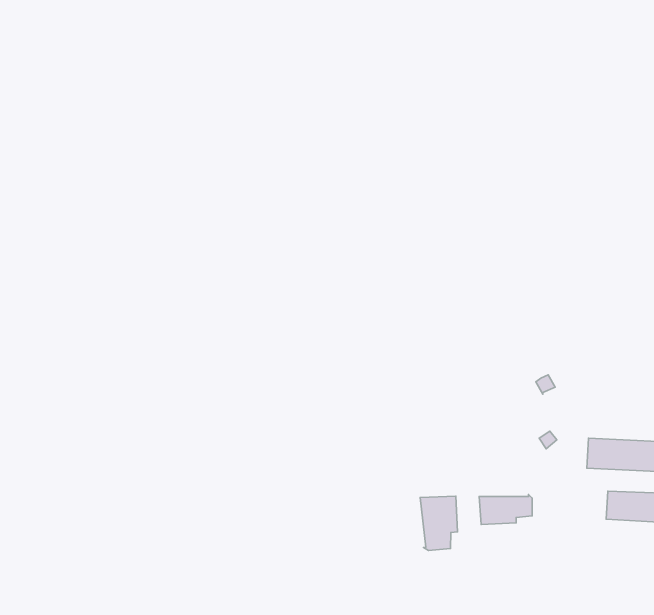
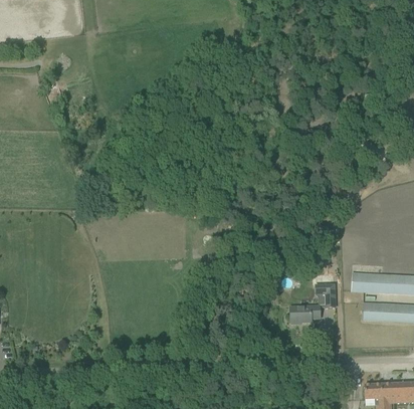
building: none -> [315,283,335,306]
building: [420,496,458,551] -> none

